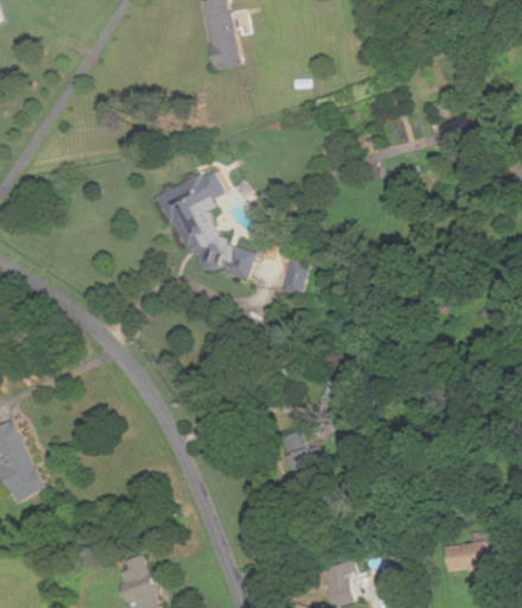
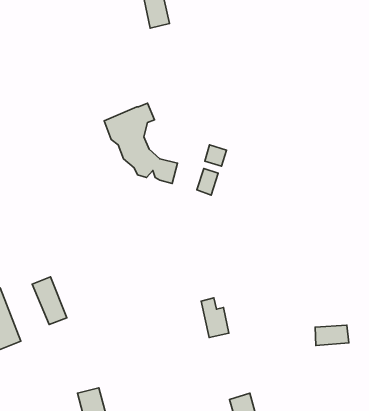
building: none -> [205,145,227,166]
building: none -> [32,277,67,324]
building: [444,543,489,570] -> [315,325,349,346]

